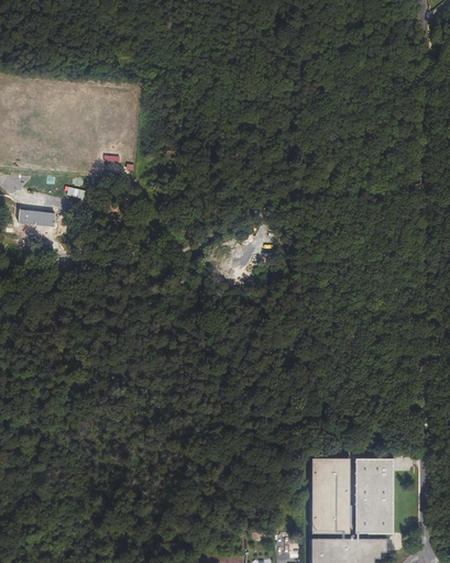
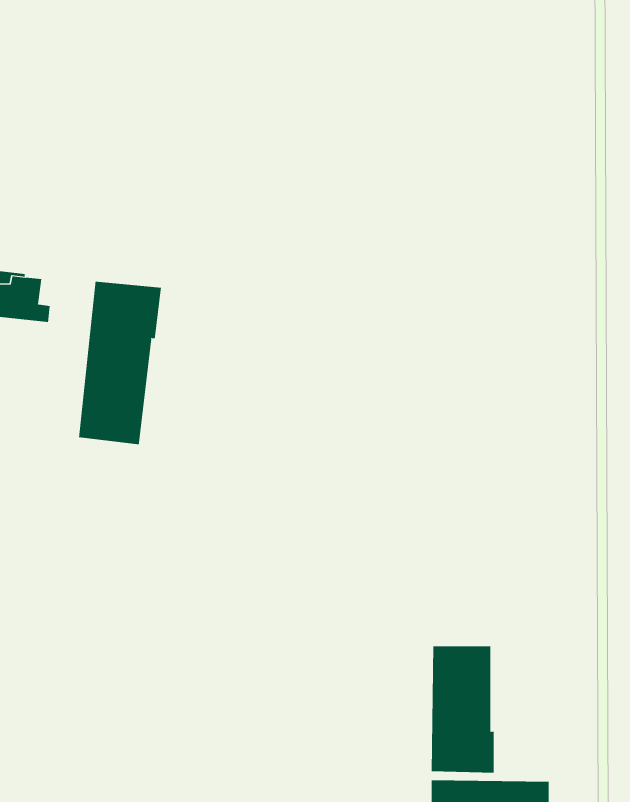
building: none -> [78,281,161,445]
building: [354,456,395,541] -> none

